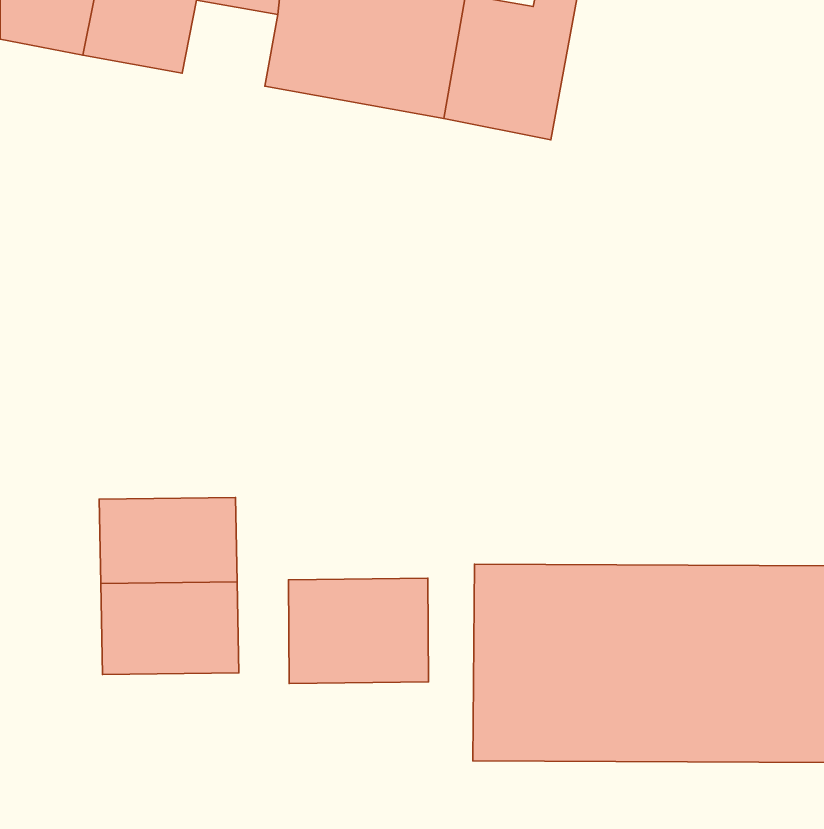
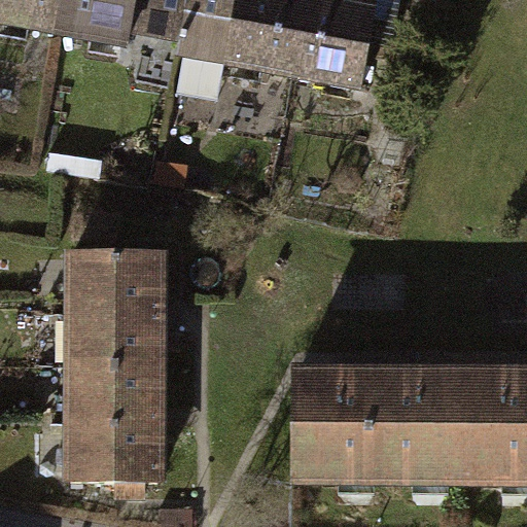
building: none -> [66,252,153,316]
building: [289,578,428,683] -> none
building: none -> [69,426,156,495]

